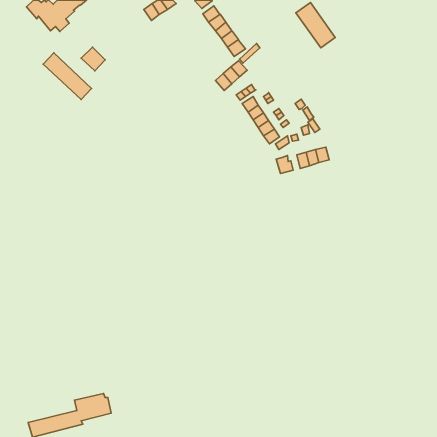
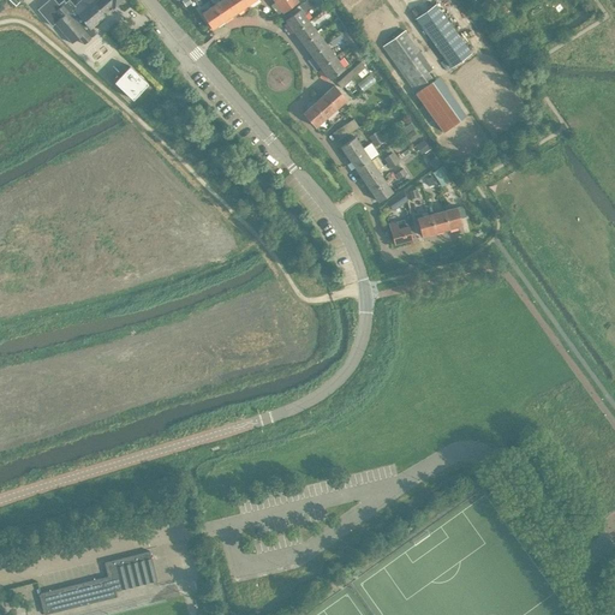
building: none -> [382,30,466,132]
building: [43,53,92,100] -> none

